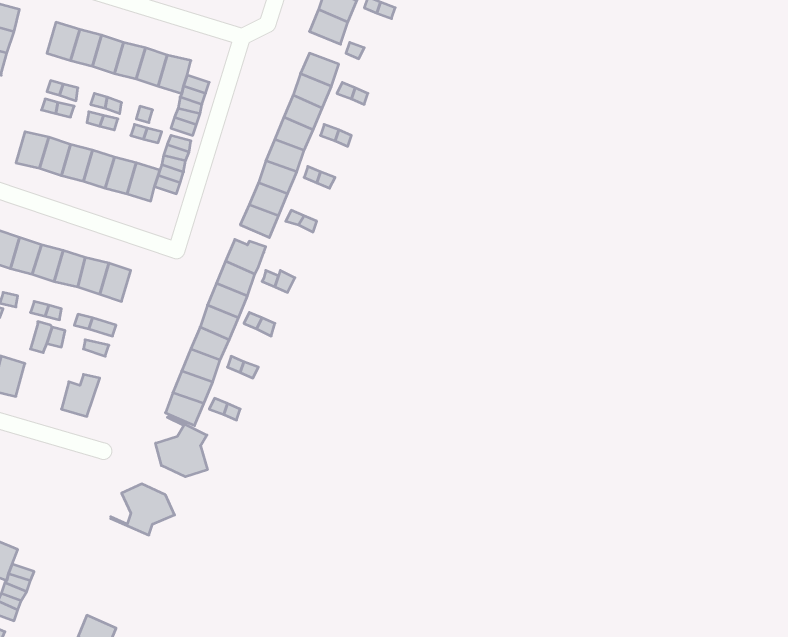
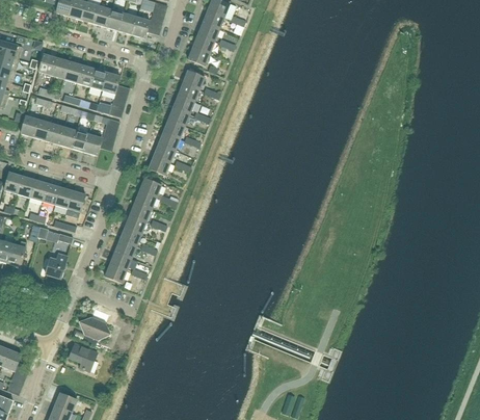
building: [156,416,207,477] -> none
building: none -> [68,342,96,371]

